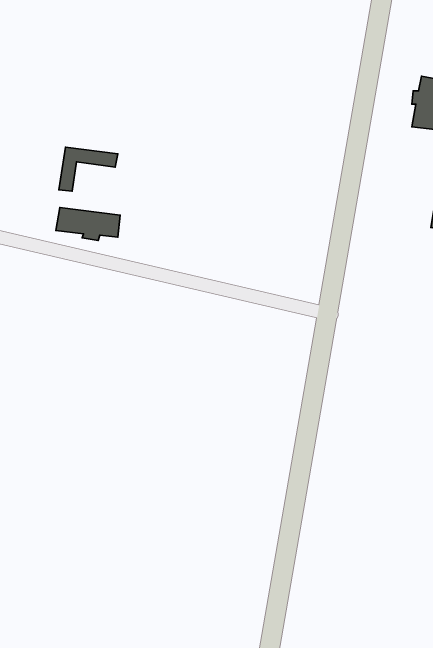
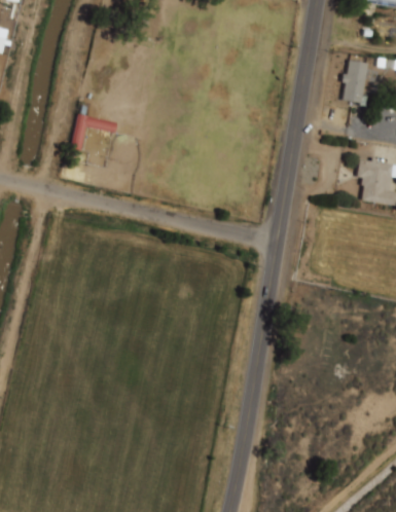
building: [56,207,120,241] -> none

